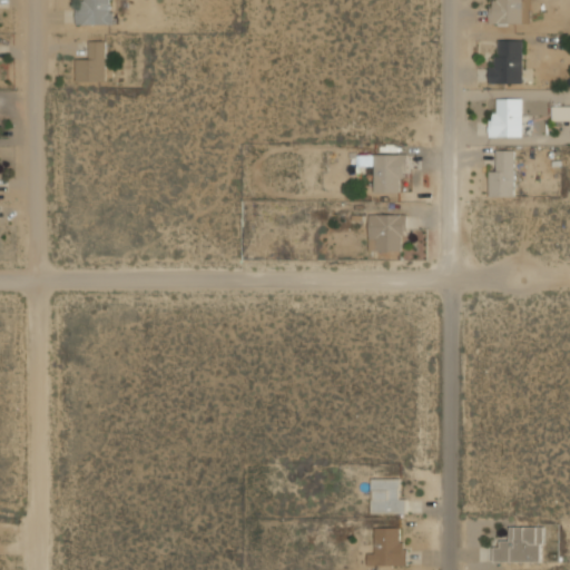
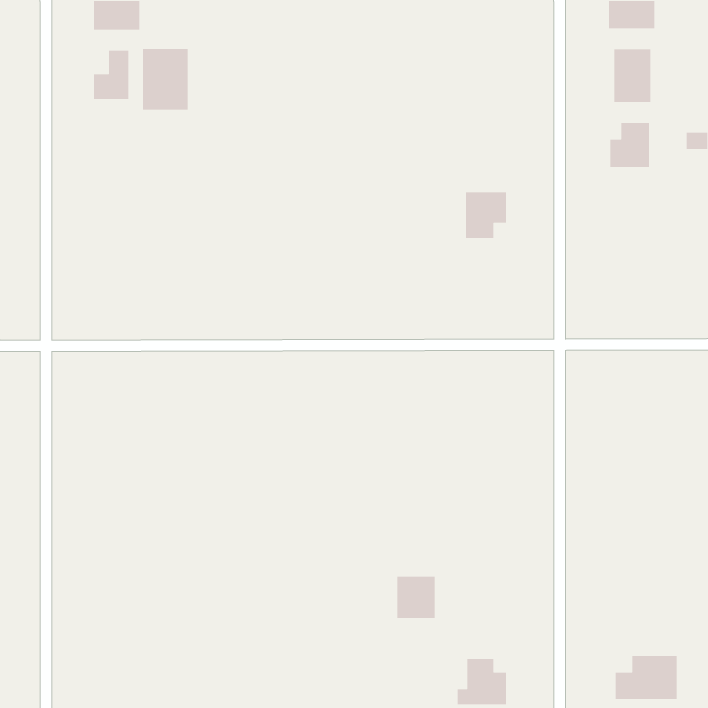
building: none -> [142,48,188,111]
building: [489,150,513,197] -> none
building: [368,215,405,250] -> none
building: [372,479,403,513] -> [397,576,435,619]

